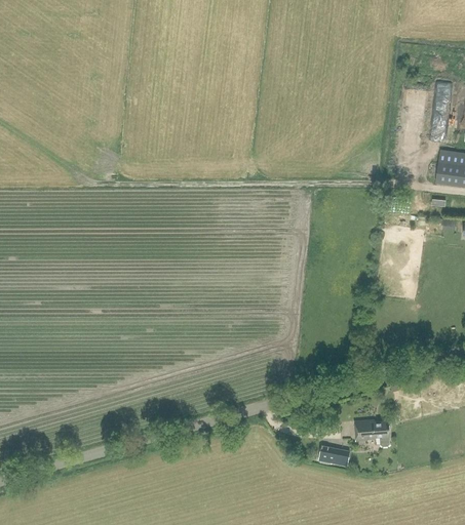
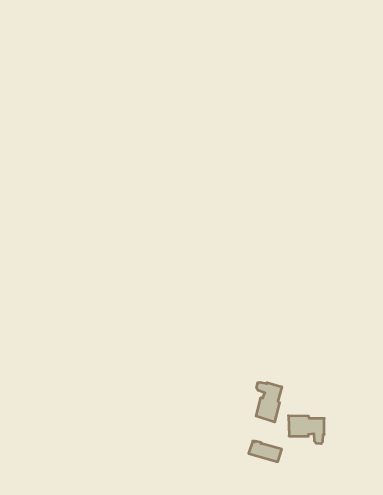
building: none -> [256,382,282,422]

